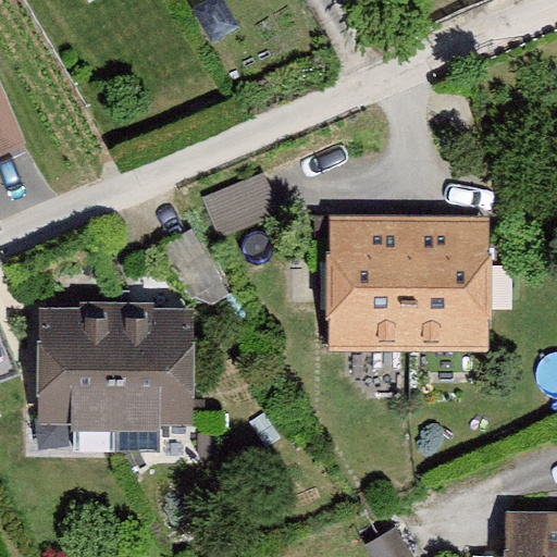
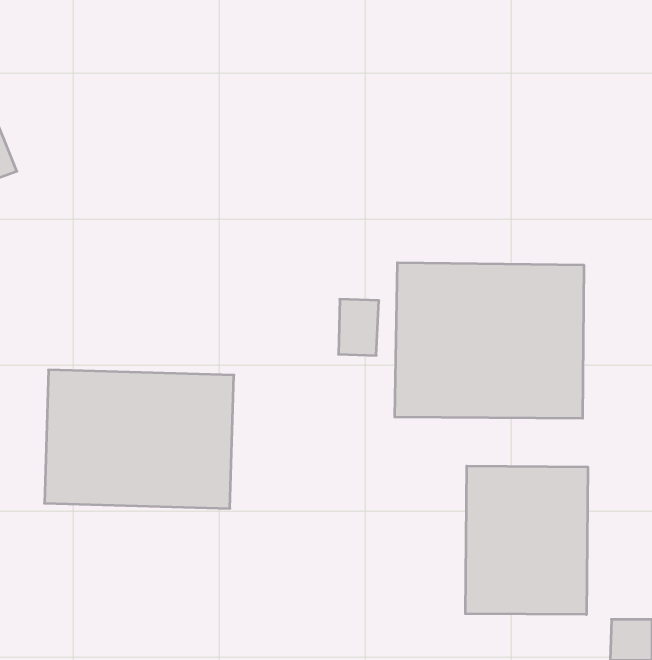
building: none -> [465,466,588,615]

